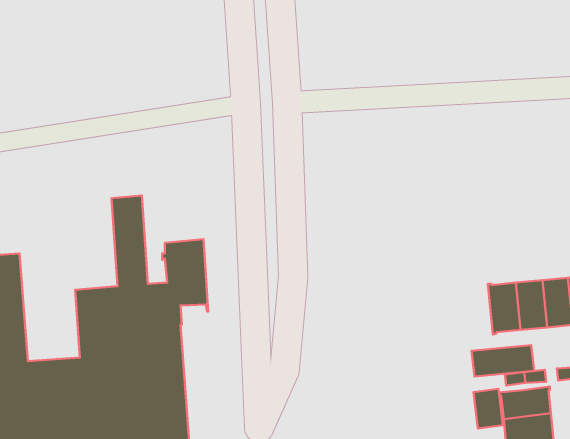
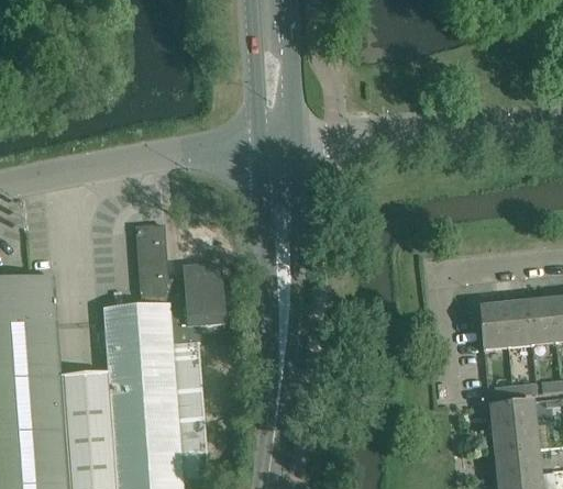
building: [472,345,534,376] -> none
building: [474,389,503,428] -> none

